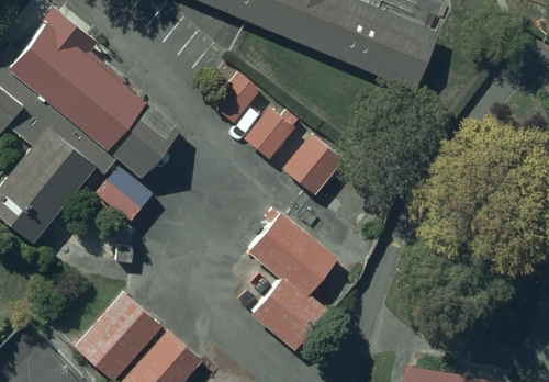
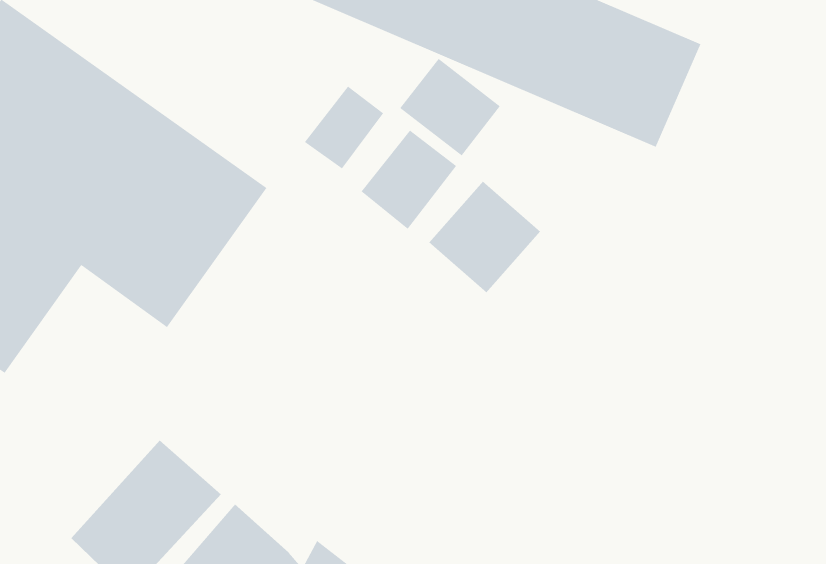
building: none -> [399,58,501,156]
building: [249,206,341,346] -> none

